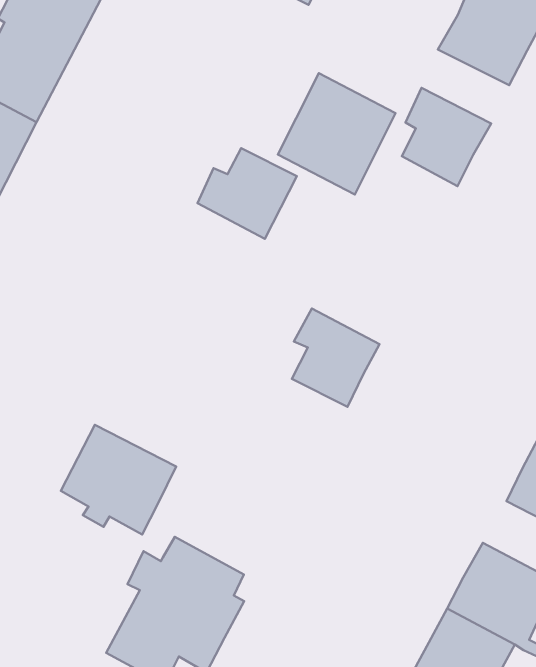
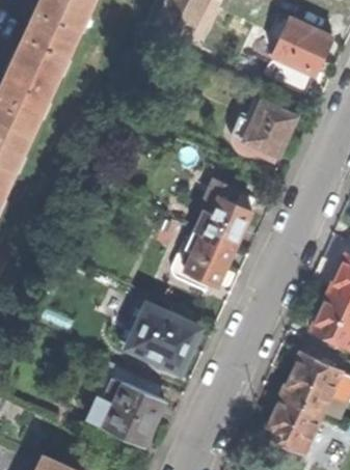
building: [278,73,396,194] -> none
building: [197,148,297,239] -> [194,192,251,244]
building: [61,425,176,534] -> [131,302,197,364]

